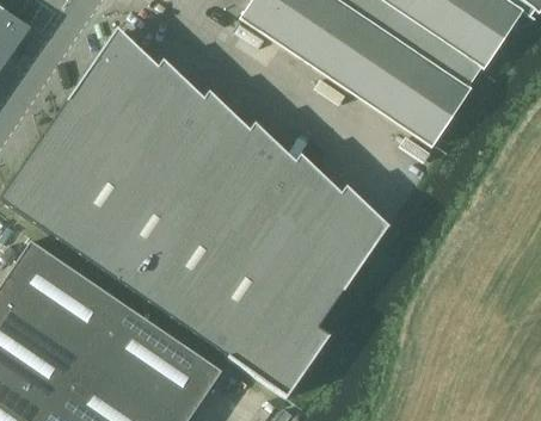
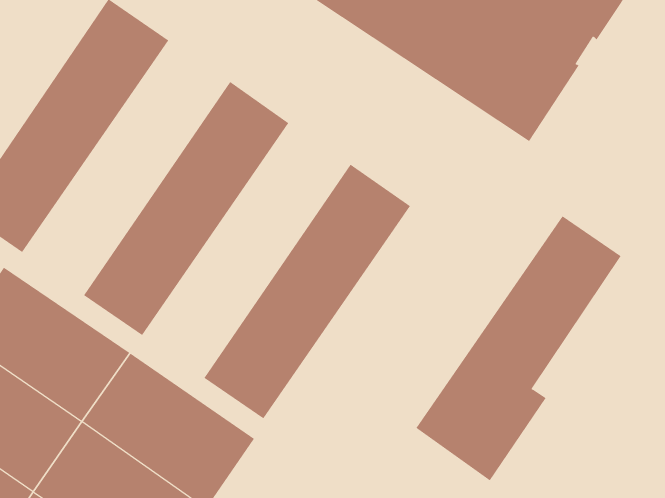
building: [45,67,204,261] -> none
building: [137,130,296,324] -> none
building: [230,193,388,396] -> [415,215,621,481]

